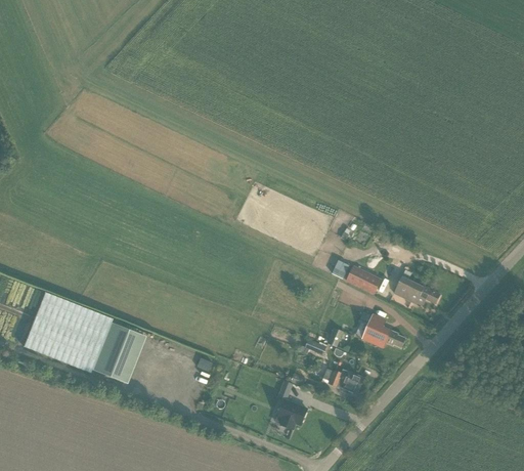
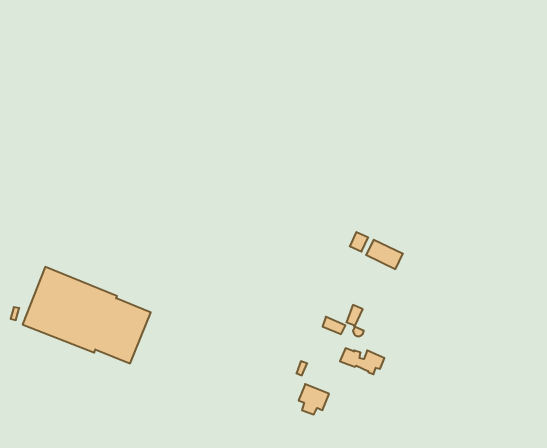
building: [393,275,440,303] -> none
building: [362,314,404,346] -> none

